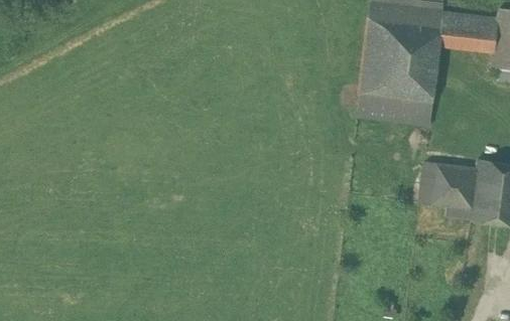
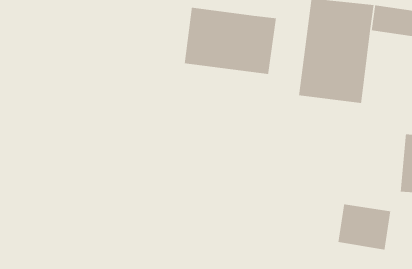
building: none -> [184,7,277,75]
building: [414,158,475,210] -> [337,204,391,251]

